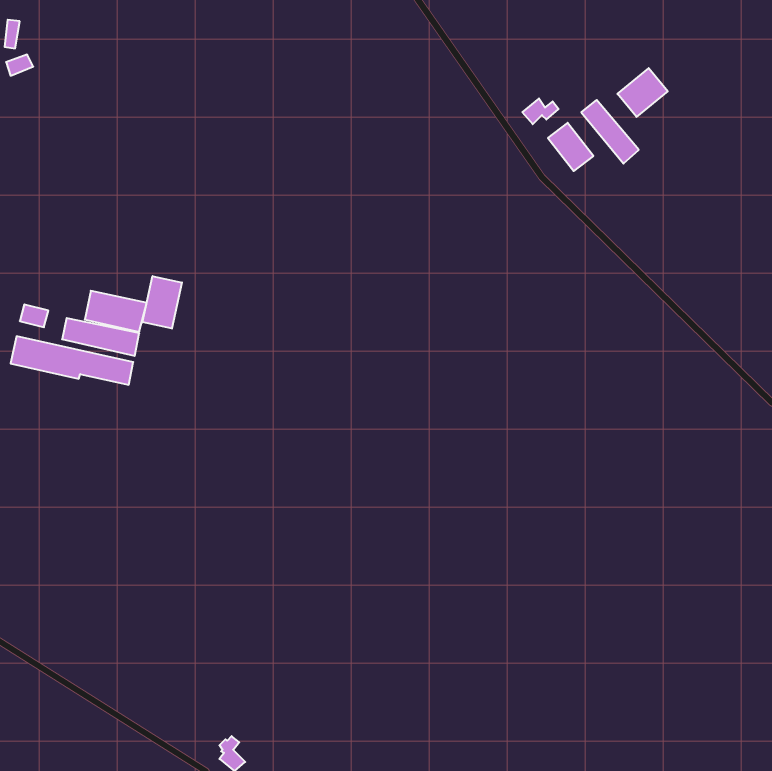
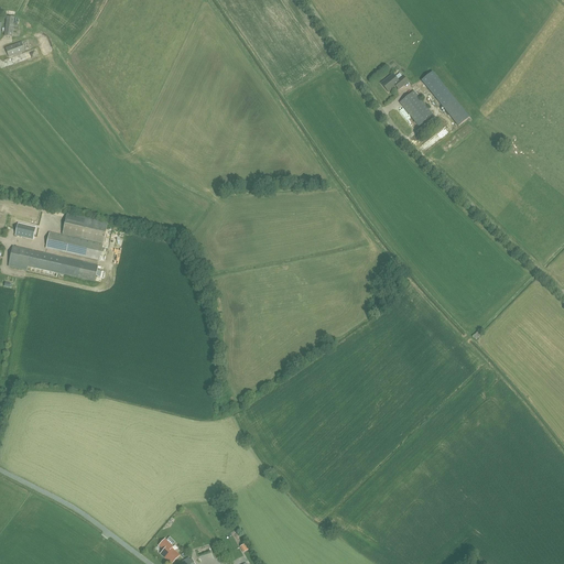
building: [617,68,668,117] -> none
building: [143,276,182,329] -> none

